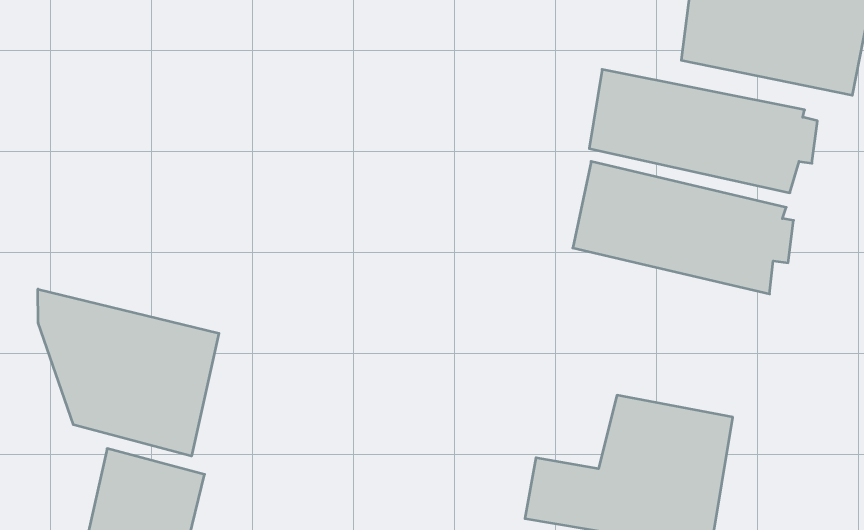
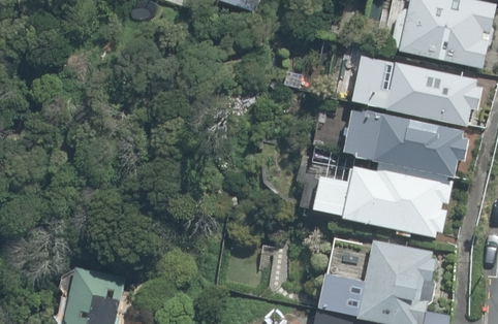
building: none -> [300,163,439,234]
building: [38,289,219,456] -> none

